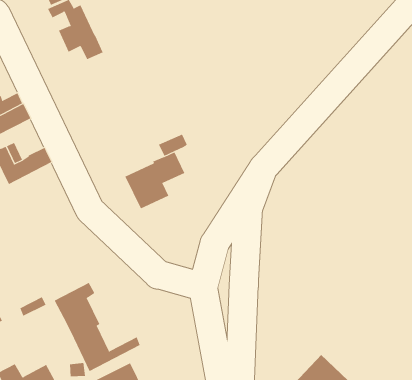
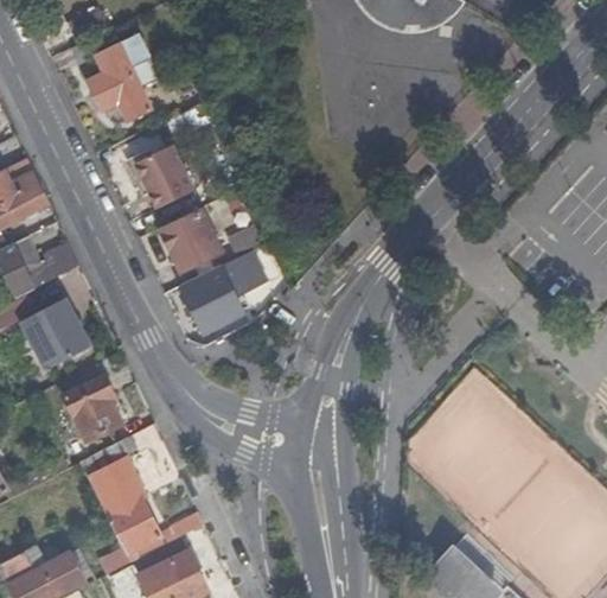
building: none -> [134,145,192,206]
building: none -> [159,209,221,272]
building: none -> [21,298,91,369]
building: none -> [62,371,120,438]

